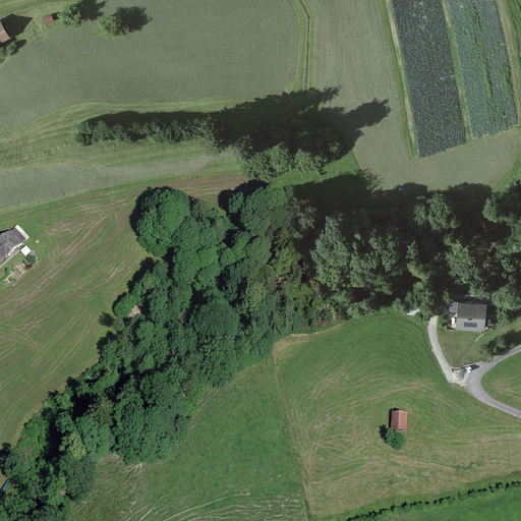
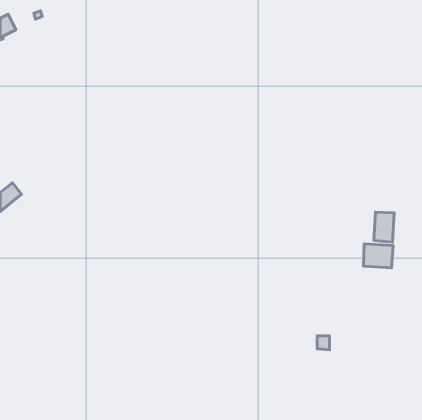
building: none -> [374,212,394,242]

